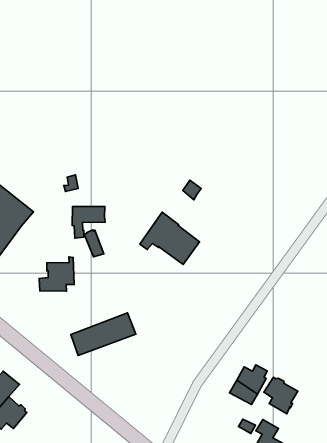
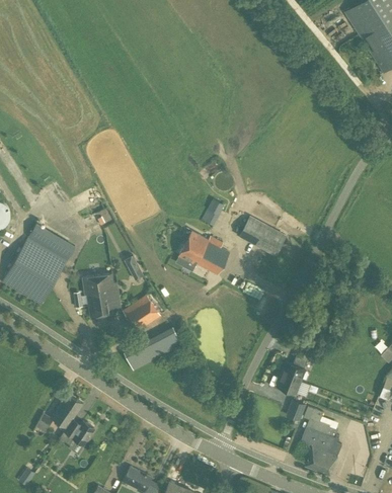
building: [72,206,105,238] -> [82,273,113,306]
building: none -> [239,218,286,256]
building: none -> [123,295,160,331]
building: [264,377,298,414] -> none

